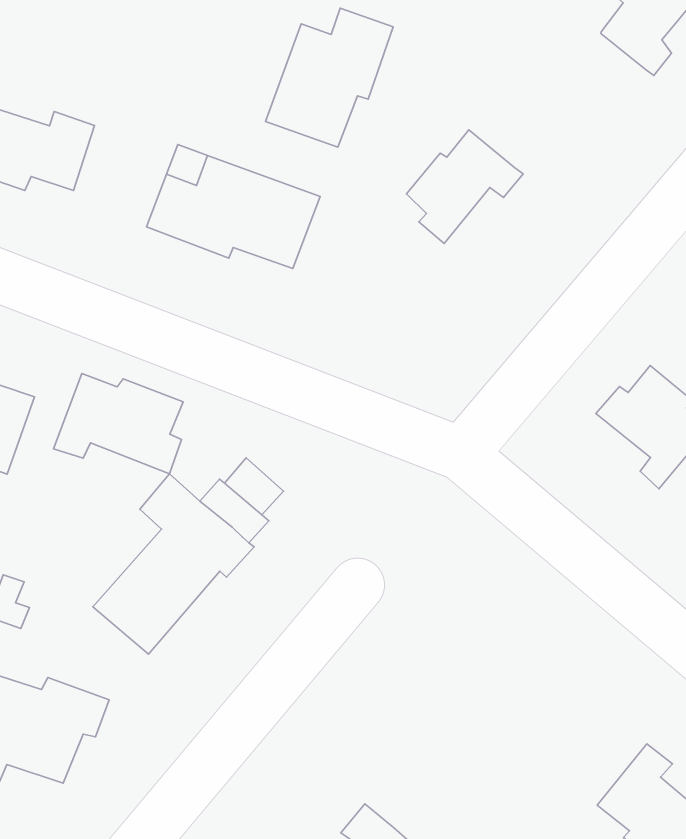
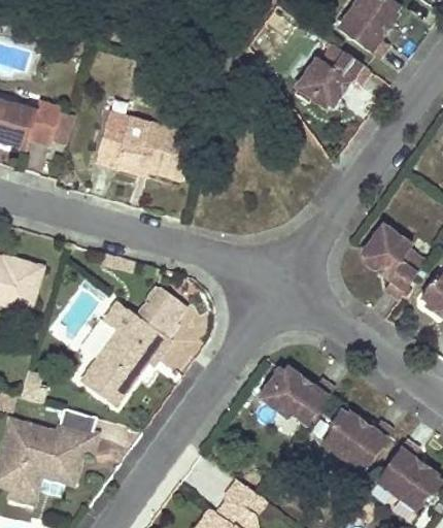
building: [266,8,393,147] -> none
building: [406,130,523,244] -> [304,44,370,110]
building: [53,374,183,474] -> none
building: none -> [264,363,333,423]
building: none -> [317,405,390,467]

